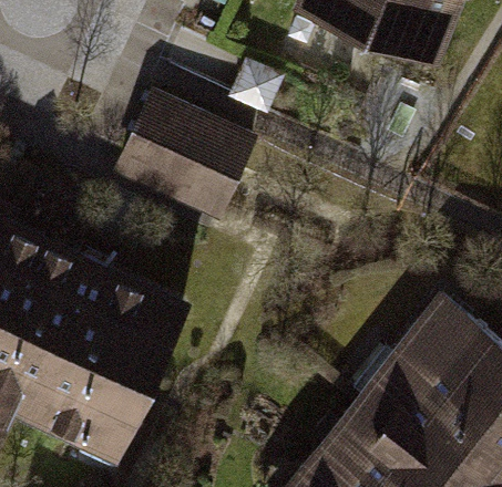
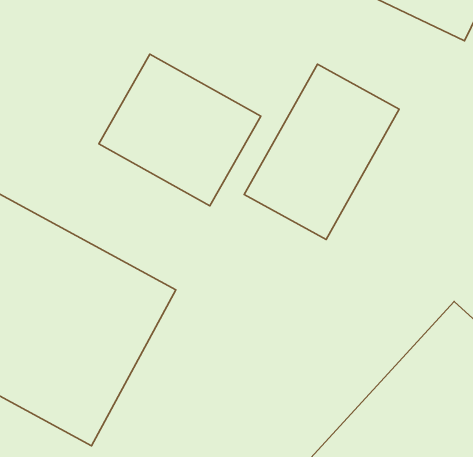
building: none -> [244,64,399,240]

